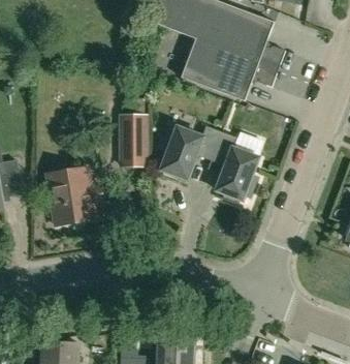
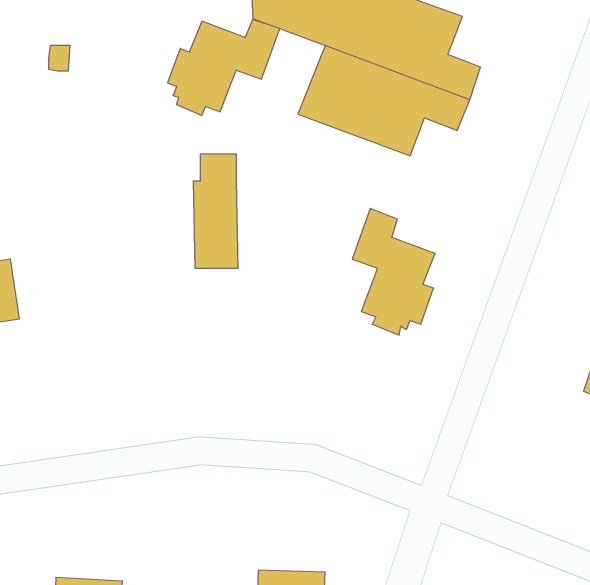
building: [157,126,221,181] -> [168,19,280,115]
building: [46,168,102,225] -> none

